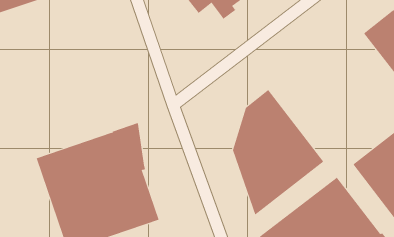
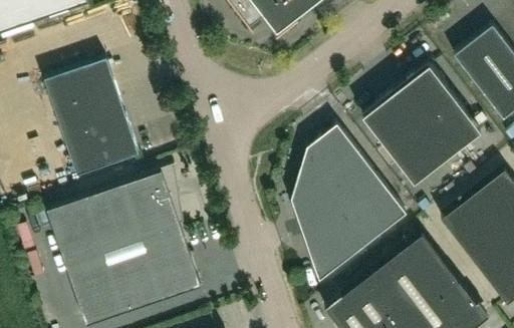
building: none -> [43,58,140,177]
building: none -> [362,65,481,184]

